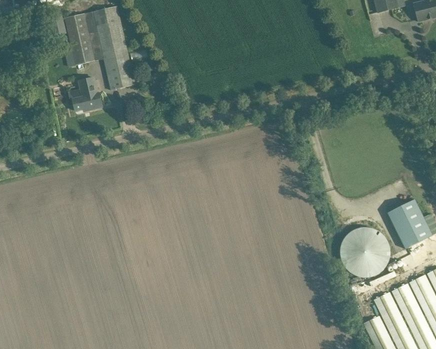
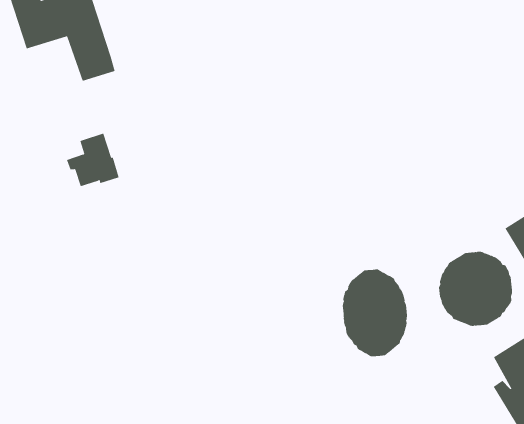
building: [68,75,103,110] -> [66,133,120,187]
building: none -> [342,269,408,357]

